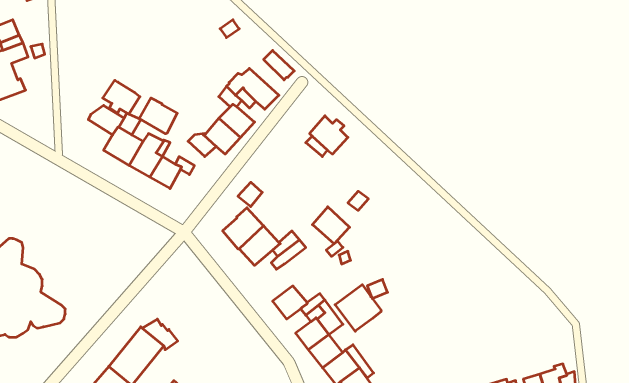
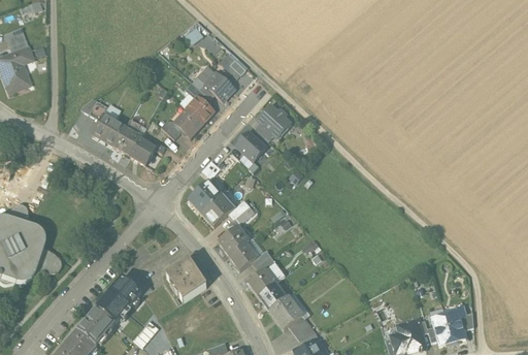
building: [103,80,140,114] -> none
building: [139,98,177,134] -> none
building: [312,207,350,244] -> [235,130,265,160]
building: none -> [217,225,249,255]
building: [335,285,381,331] -> none
building: none -> [165,259,205,300]

